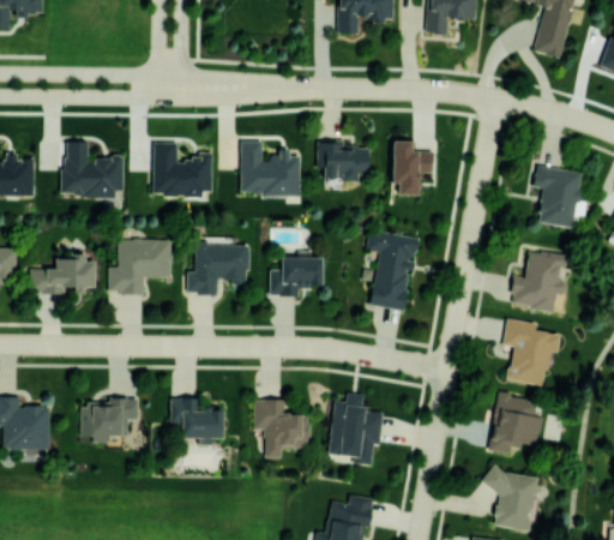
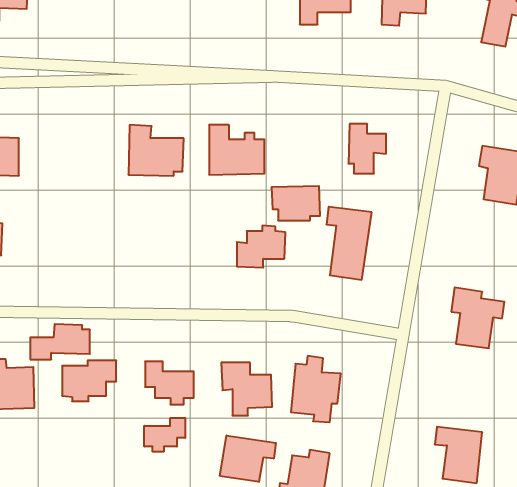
building: [62,142,124,197] -> none
building: [317,143,369,180] -> [271,186,320,220]
building: [109,238,171,294] -> none
building: [187,244,248,294] -> none
building: [510,250,567,311] -> none
building: [30,254,95,293] -> [30,324,90,359]
building: [487,394,544,454] -> none
building: none -> [144,418,185,452]
building: none -> [220,435,276,482]

